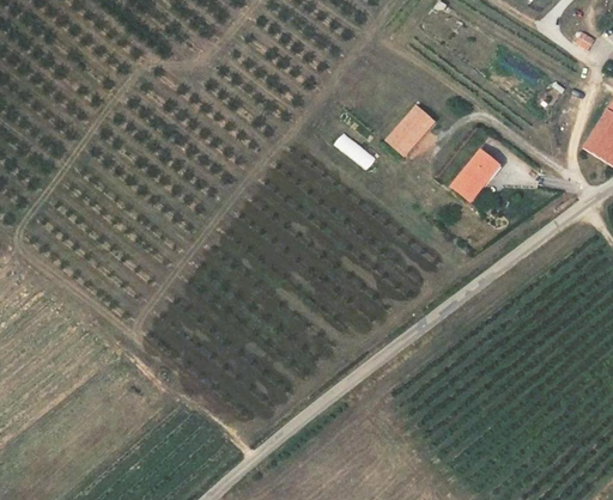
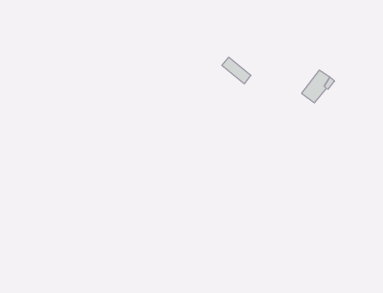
building: [388,103,435,152] -> none

